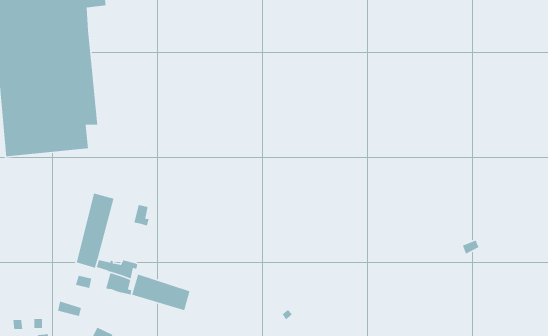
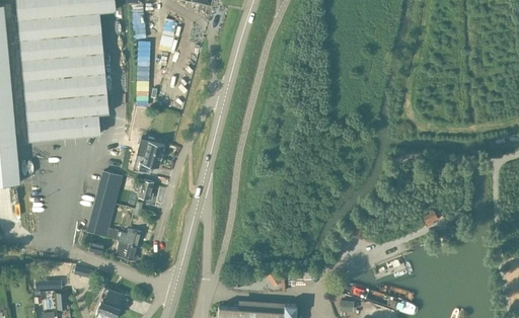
building: none -> [137,144,164,176]
building: [131,273,191,311] -> none

